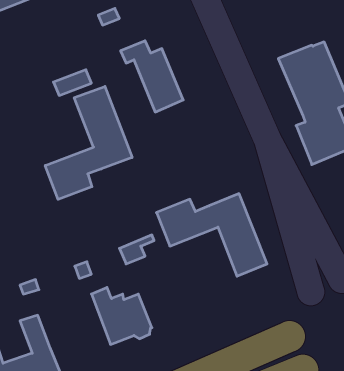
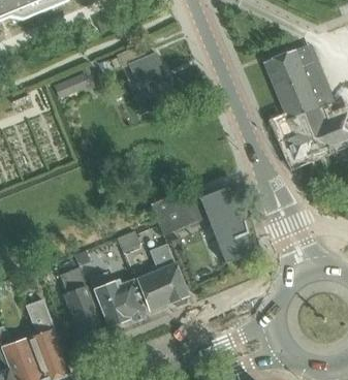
building: [45,86,132,199] -> none
building: none -> [137,244,188,310]
building: none -> [61,270,103,337]

